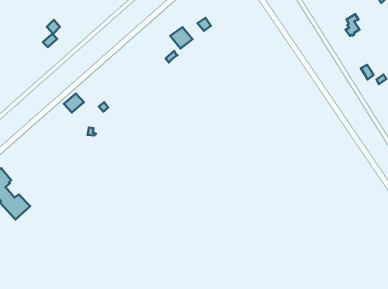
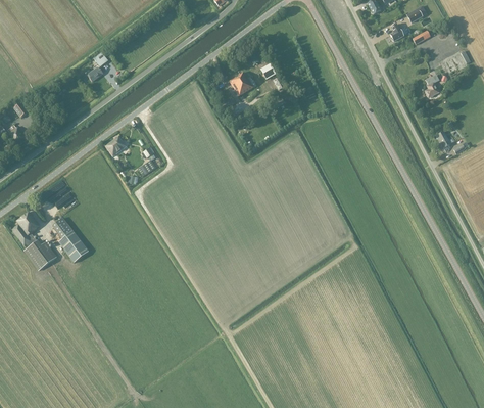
building: none -> [53,217,89,262]

